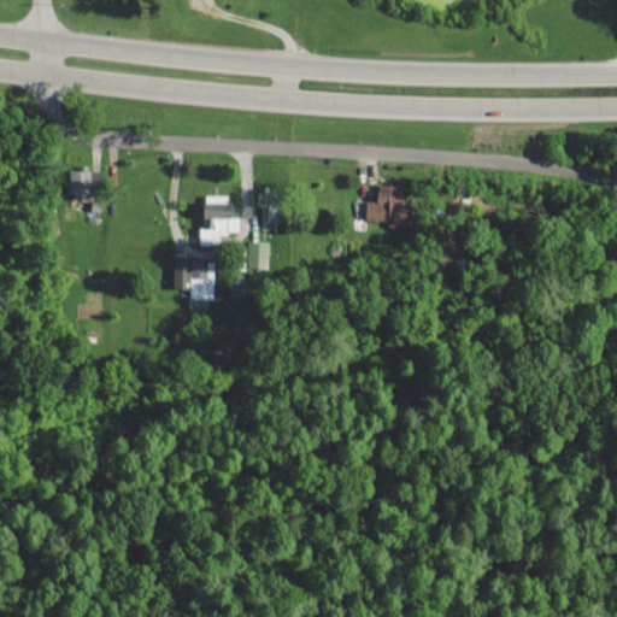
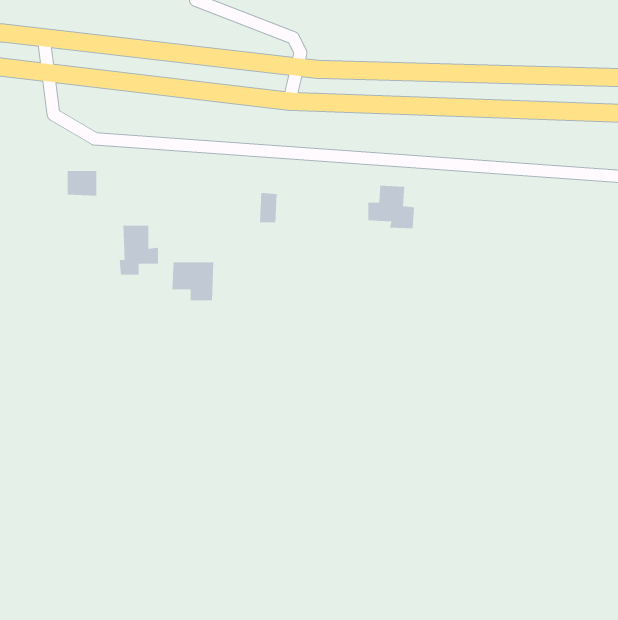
building: [200,196,240,246] -> [119,225,159,275]
building: [248,242,270,270] -> none

